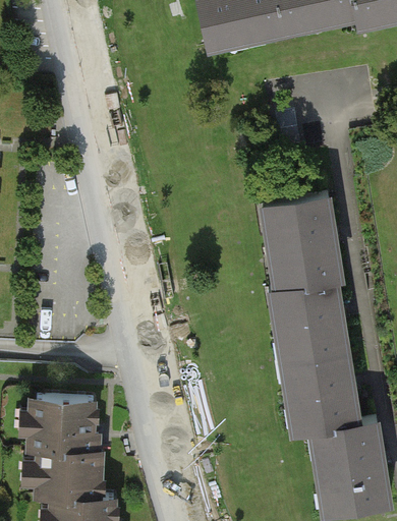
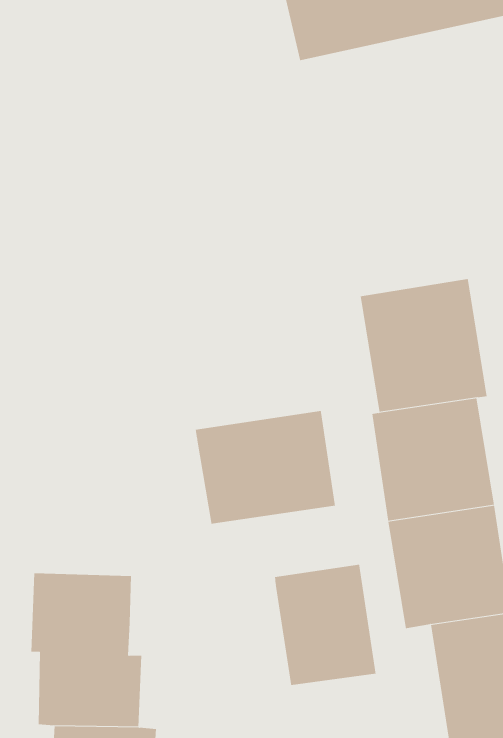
building: none -> [195,410,336,525]
building: none -> [274,564,376,686]

